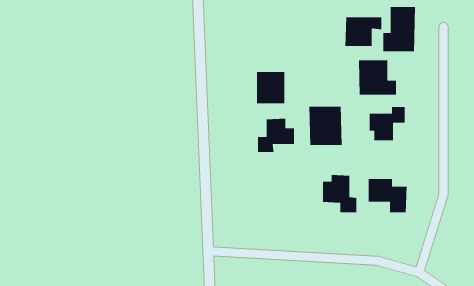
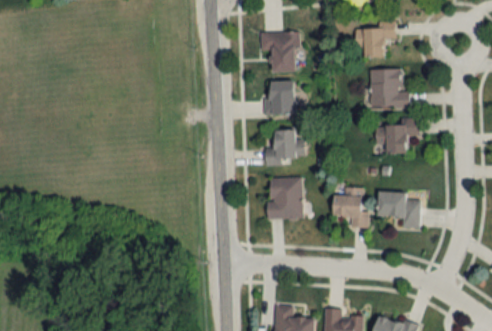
building: [383,6,416,52] -> none
building: none -> [261,32,297,72]
building: [309,106,343,146] -> [267,177,302,218]

